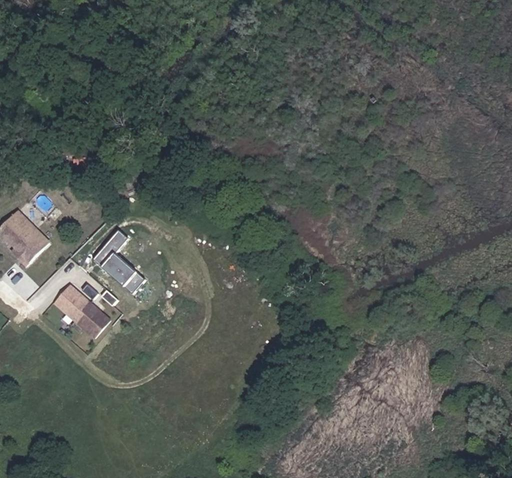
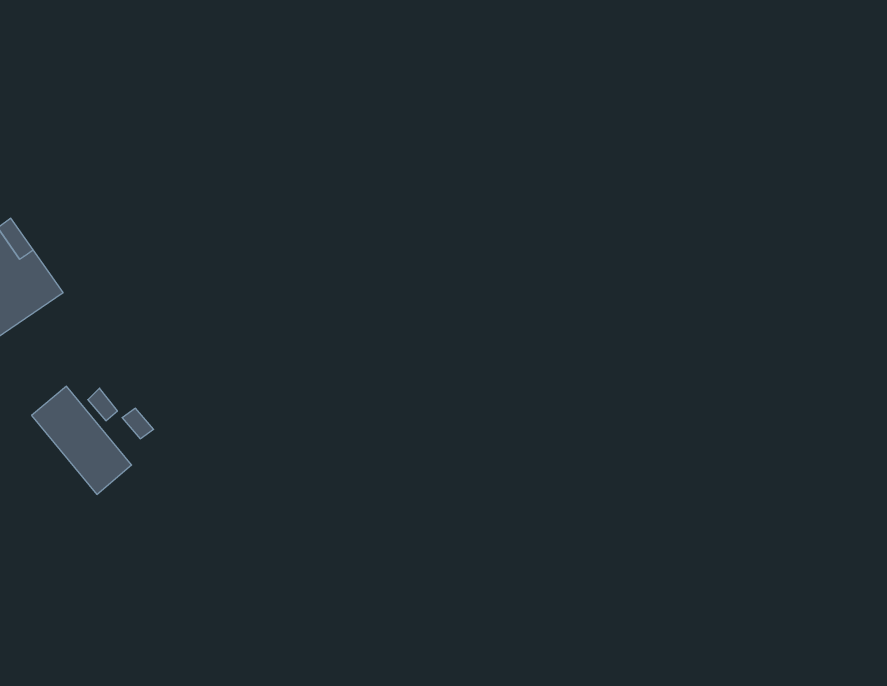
building: [91,229,144,293] -> none

